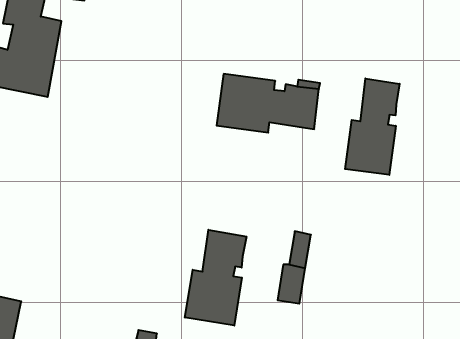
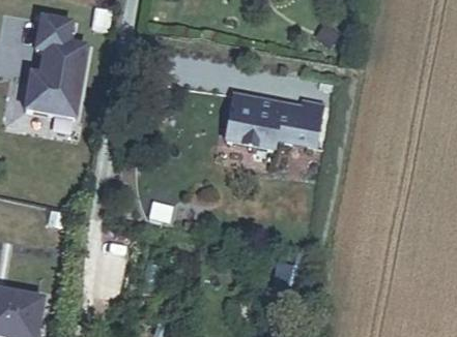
building: [345,78,400,175] -> none
building: [185,230,246,326] -> none

